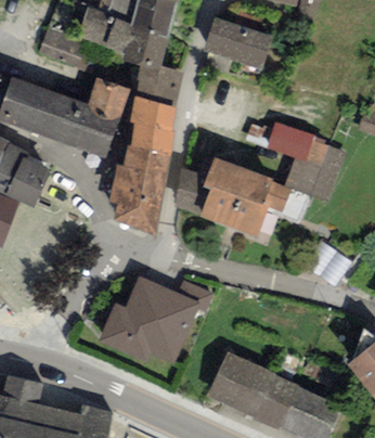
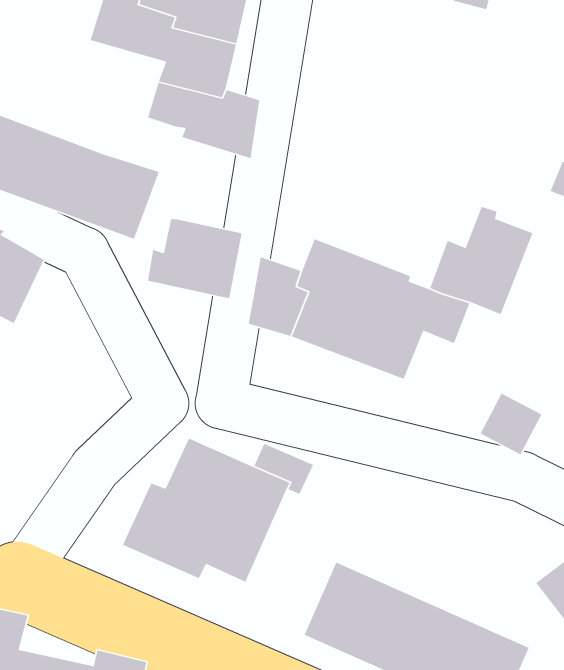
building: [203,17,272,69] -> none
building: [38,28,95,70] -> none
building: [87,78,129,116] -> none
building: [129,95,176,153] -> none
building: [266,121,314,162] -> none
building: [107,182,163,237] -> none

